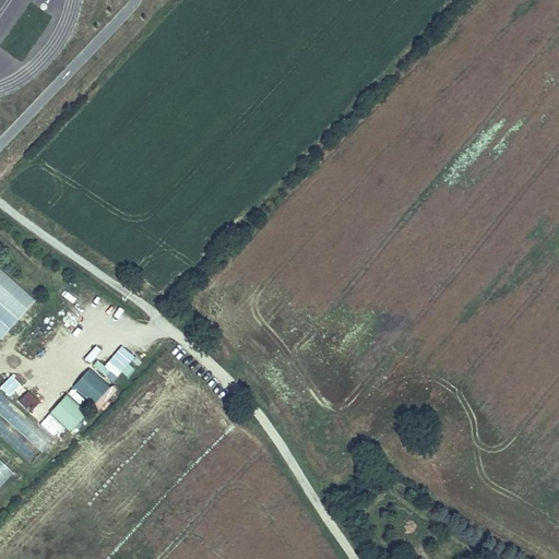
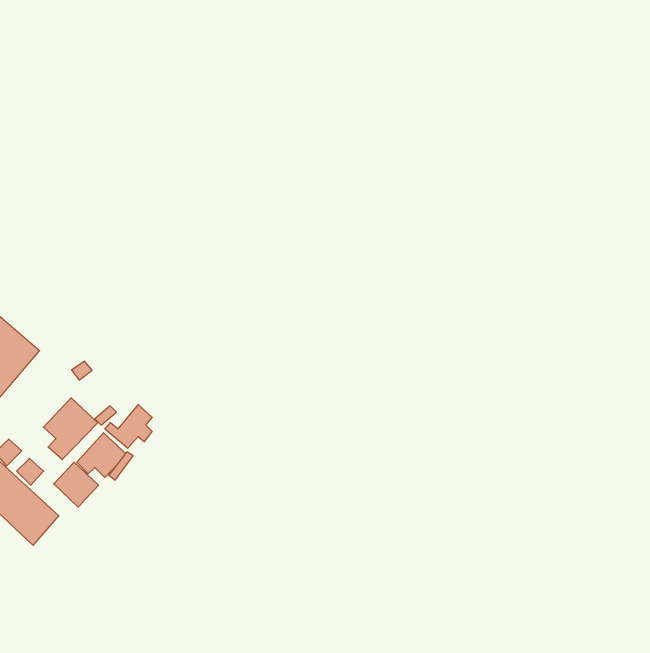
building: none -> [43,398,98,460]

